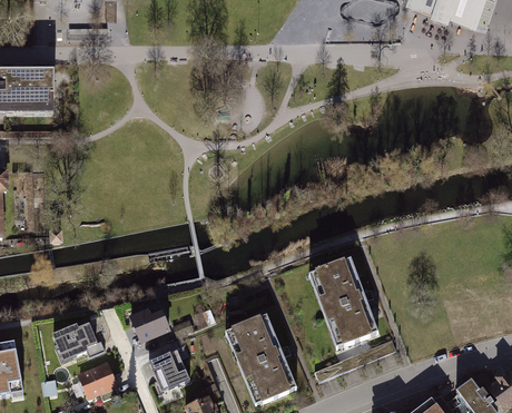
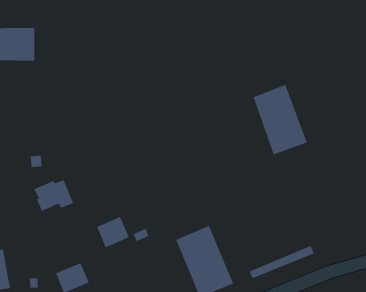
building: [309,262,377,350] -> [252,84,308,156]
building: [52,322,102,362] -> [33,179,74,212]
building: [148,351,189,392] -> none

